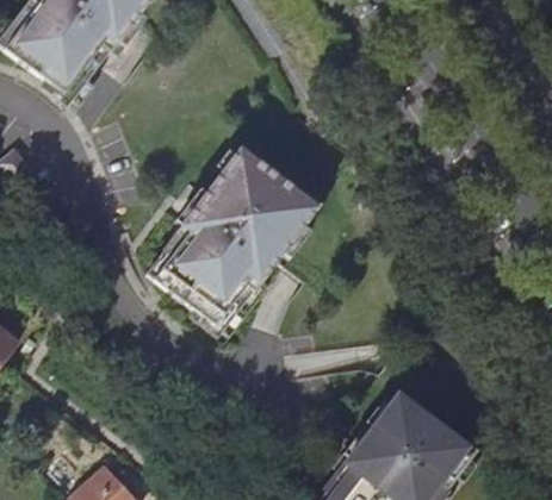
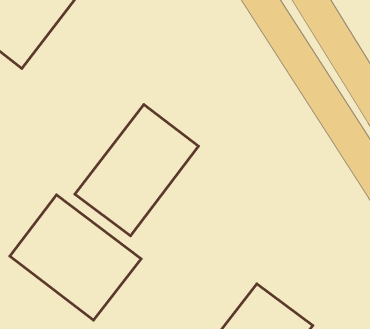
building: none -> [10,195,141,320]

